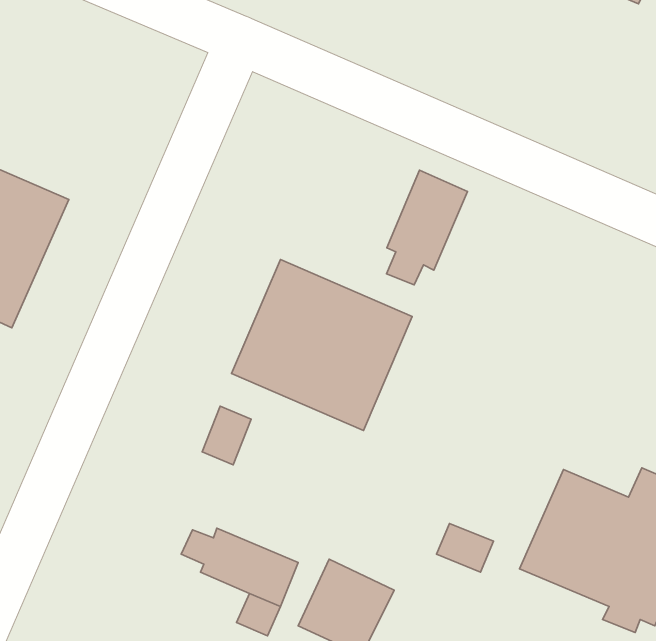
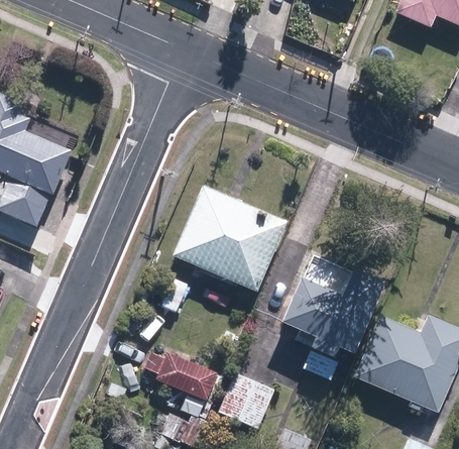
building: [386,170,468,285] -> none
building: none -> [281,253,383,356]

